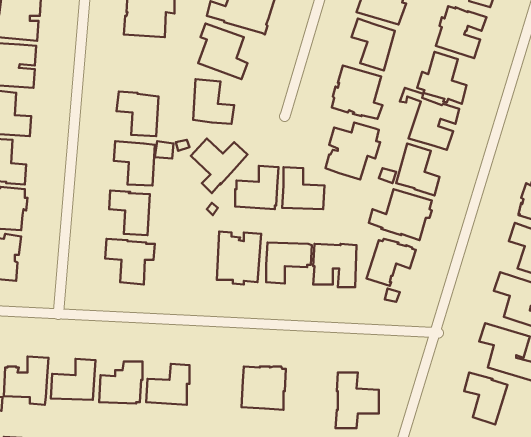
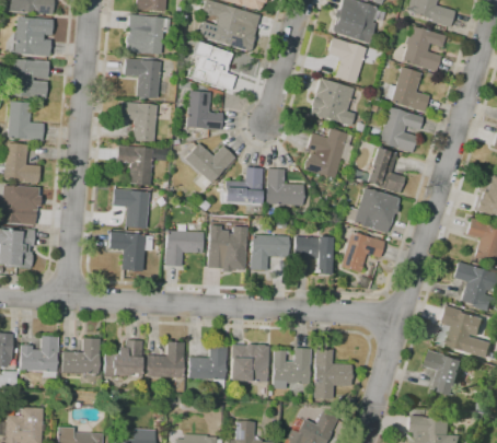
building: none -> [124,60,160,101]
building: none -> [165,231,203,266]
building: none -> [188,343,228,390]
building: none -> [271,349,311,389]

